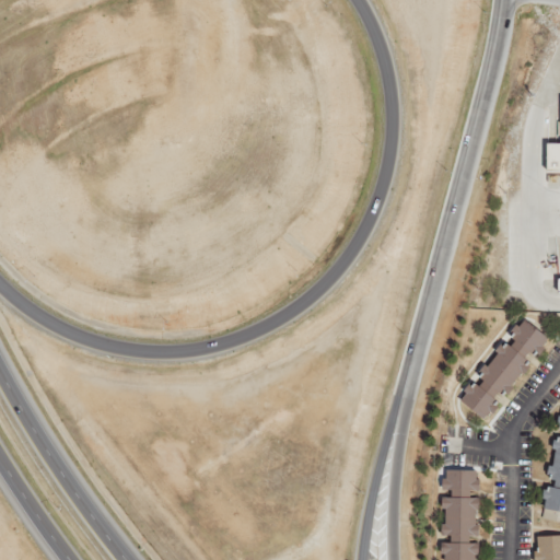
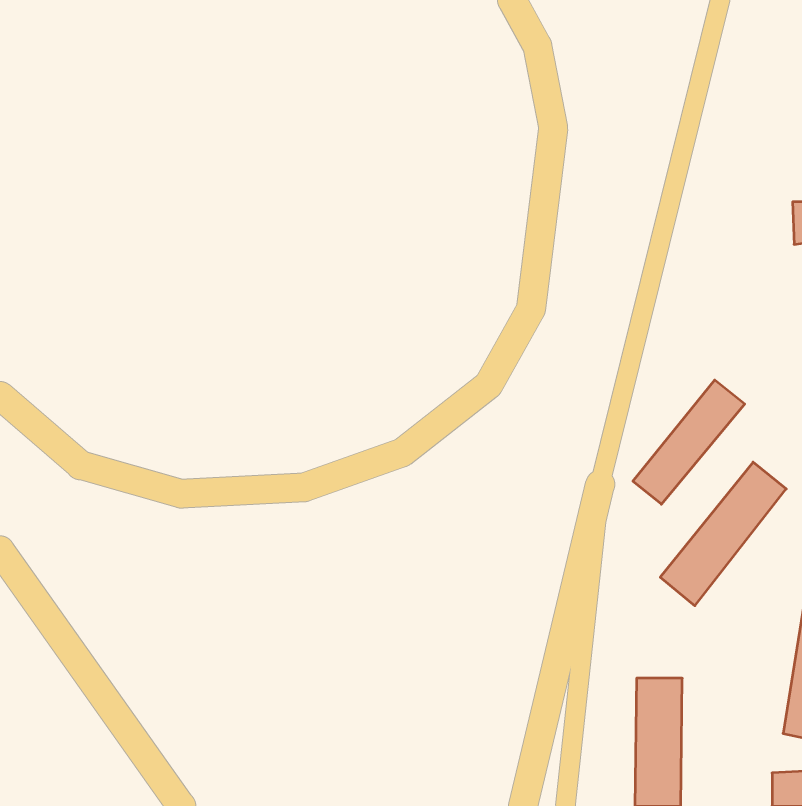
building: none -> [633,380,745,504]

